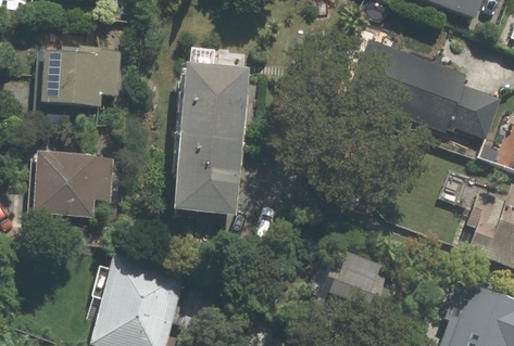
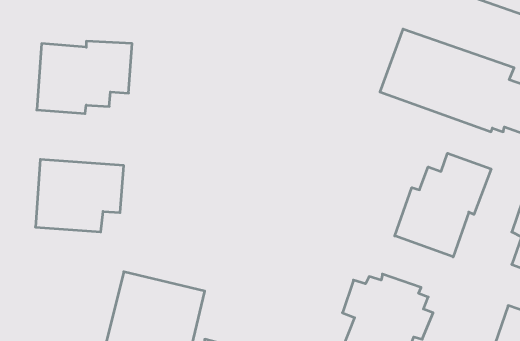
building: [171,61,242,212] -> none
building: none -> [395,153,491,257]

